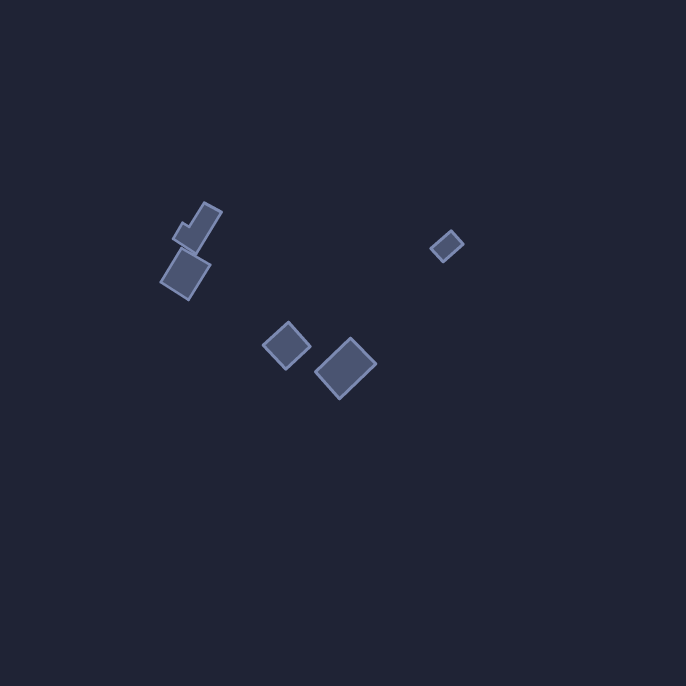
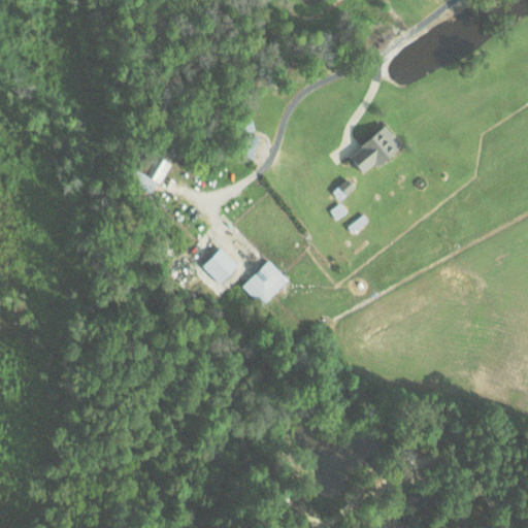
building: none -> [350,125,403,173]
building: [161,248,210,300] -> none

